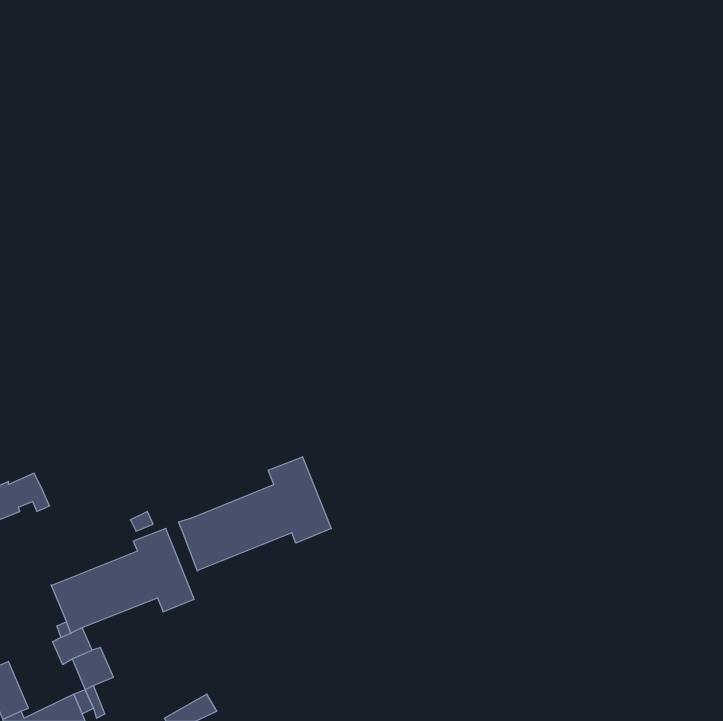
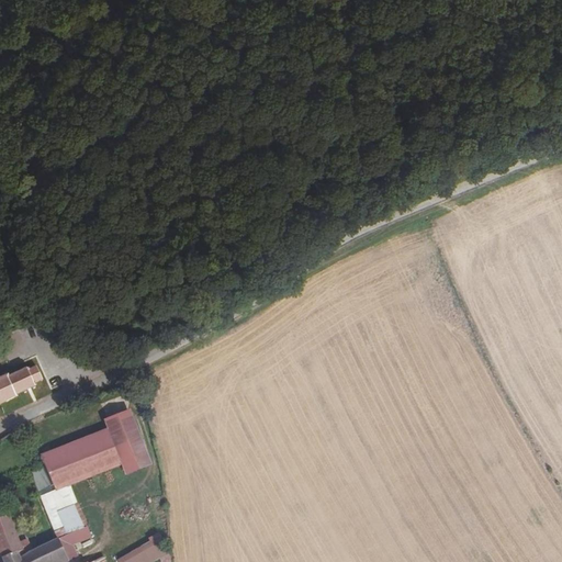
building: [178,457,331,571] -> none

